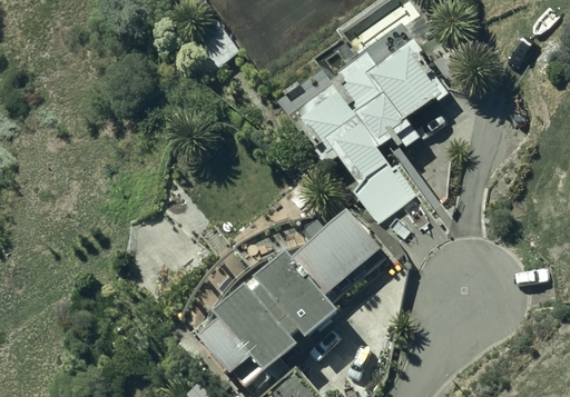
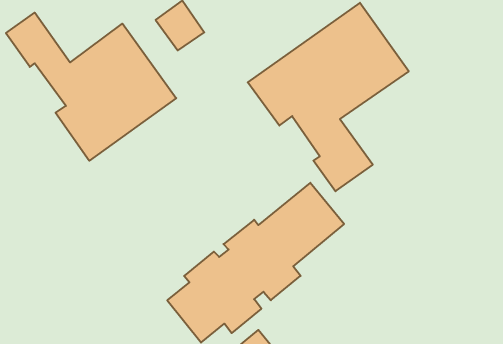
building: none -> [6,13,176,161]

